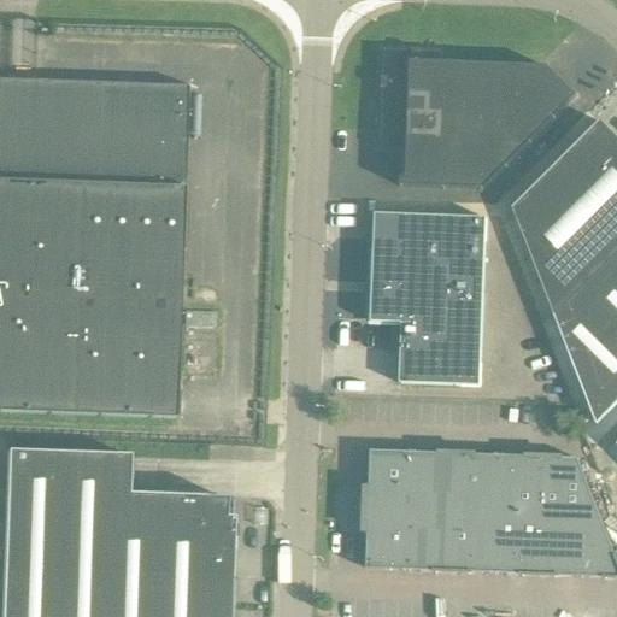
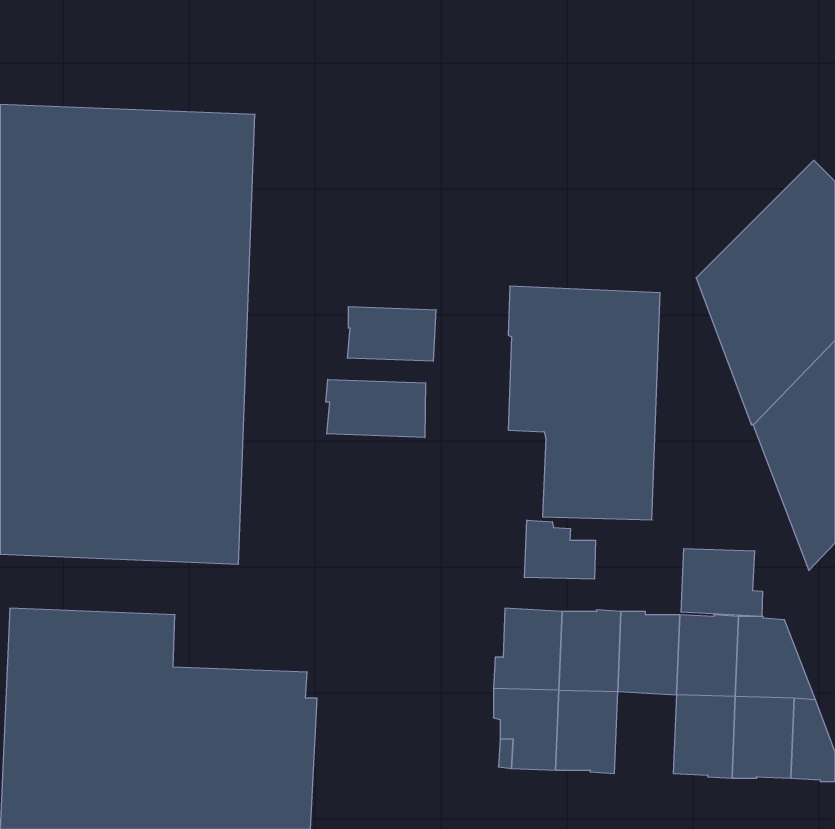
building: [377,47,576,186] -> none
building: none -> [348,307,436,361]
building: none -> [326,379,426,438]
building: none -> [525,520,595,579]
building: none -> [681,549,762,616]
building: [453,510,499,571] -> none

